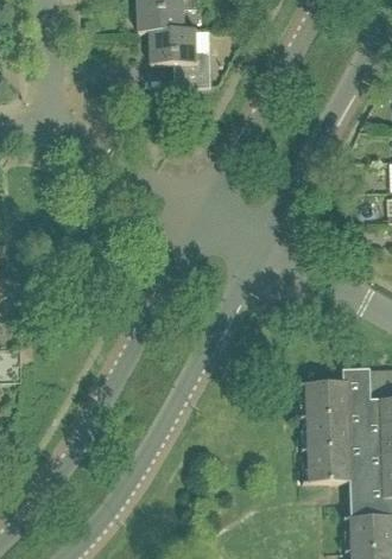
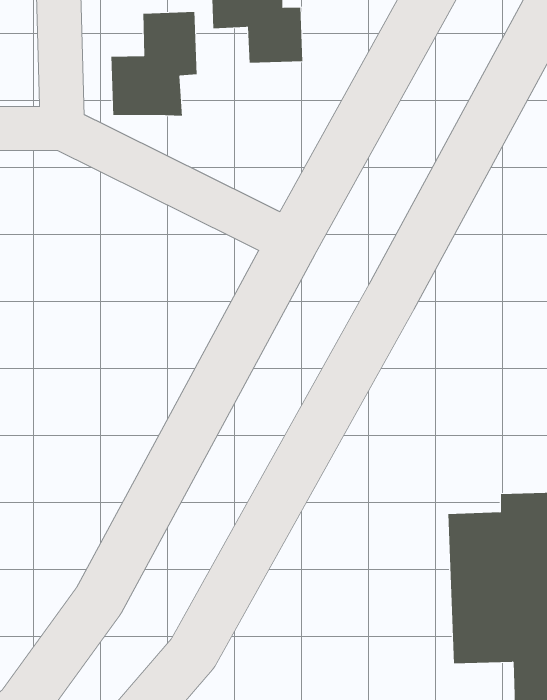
building: none -> [111,11,197,117]

